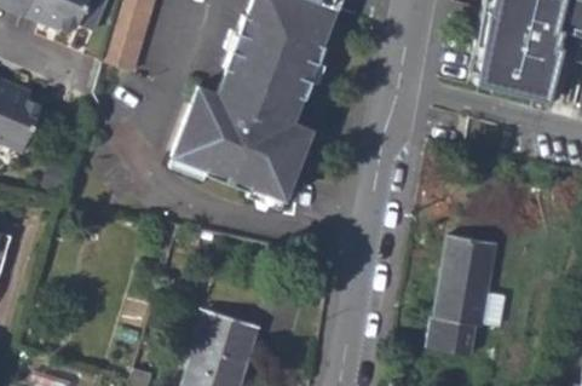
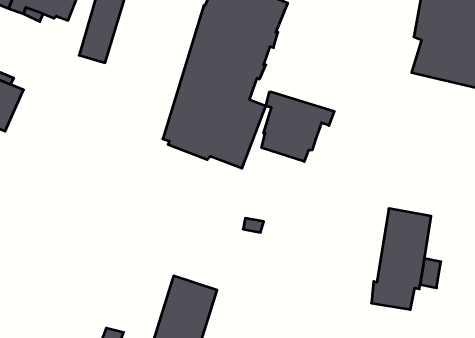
building: [168,39,236,161] -> none
building: none -> [262,92,334,162]

